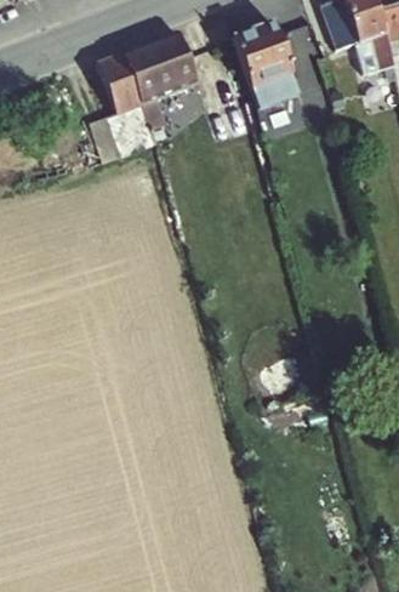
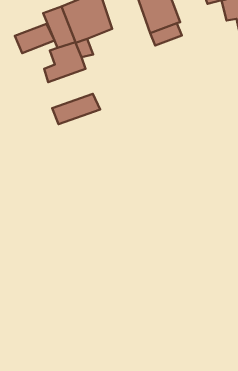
building: none -> [15,24,54,53]
building: none -> [52,94,100,124]

